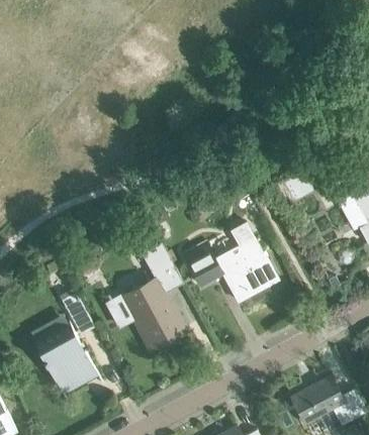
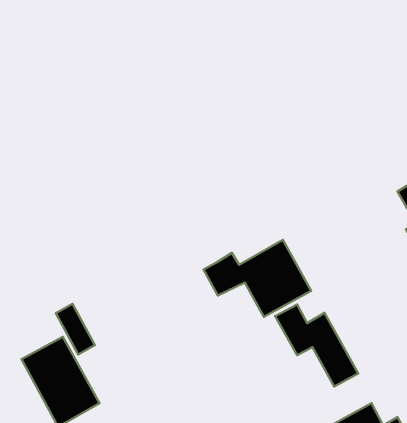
building: [121,242,187,351] -> none
building: none -> [275,304,358,386]

